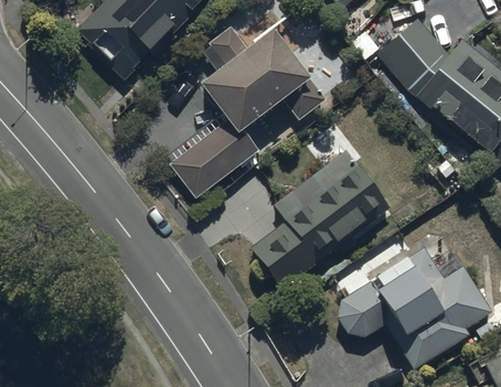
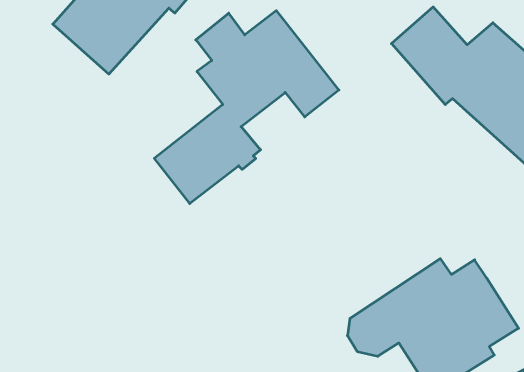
building: [250,150,393,288] -> none

